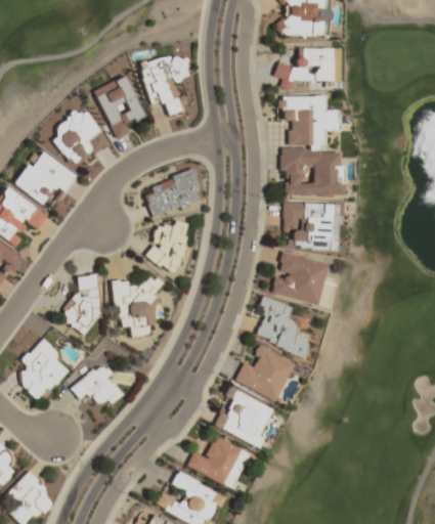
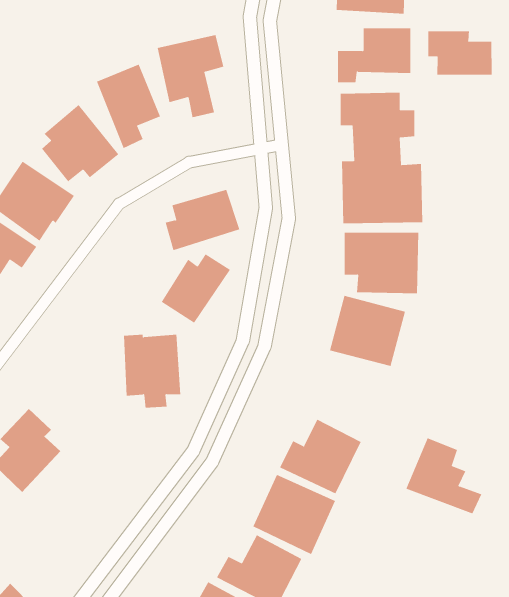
building: none -> [428,30,492,76]
building: [63,274,101,332] -> none
building: [253,298,311,356] -> [405,438,482,514]
building: [71,363,125,409] -> none

